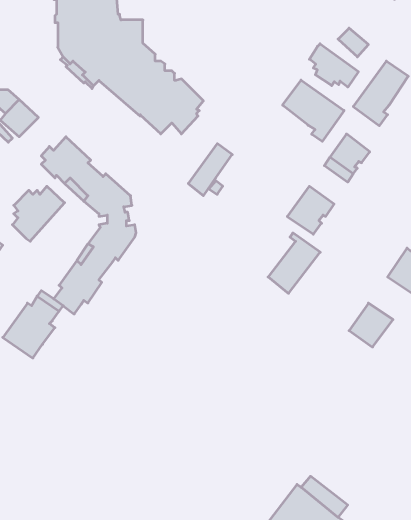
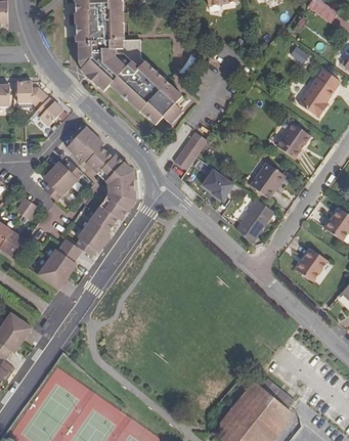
building: [309,44,358,87] -> none
building: [283,80,344,141] -> none
building: none -> [199,169,232,203]

